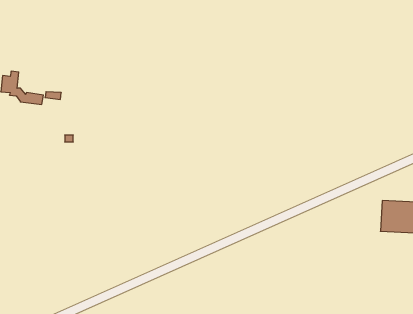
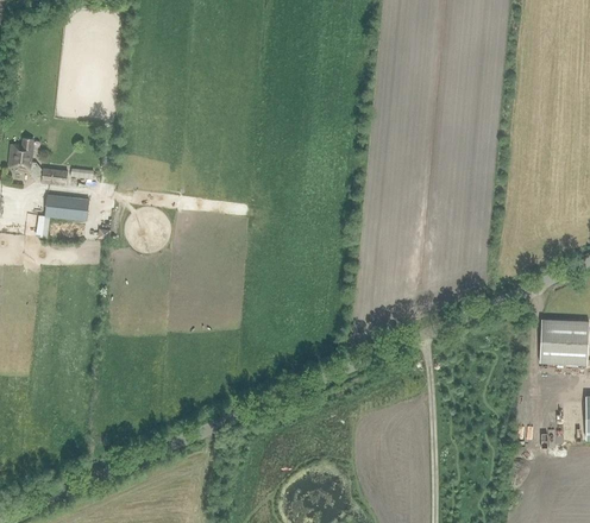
building: none -> [44,194,88,220]

